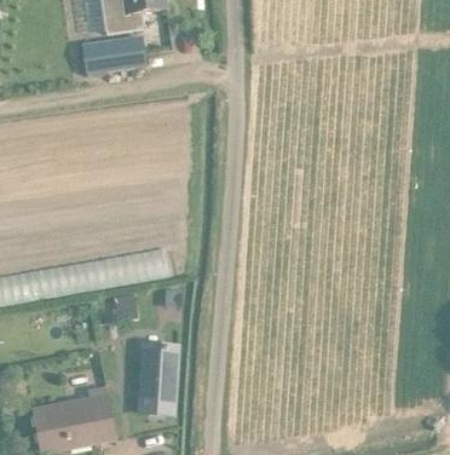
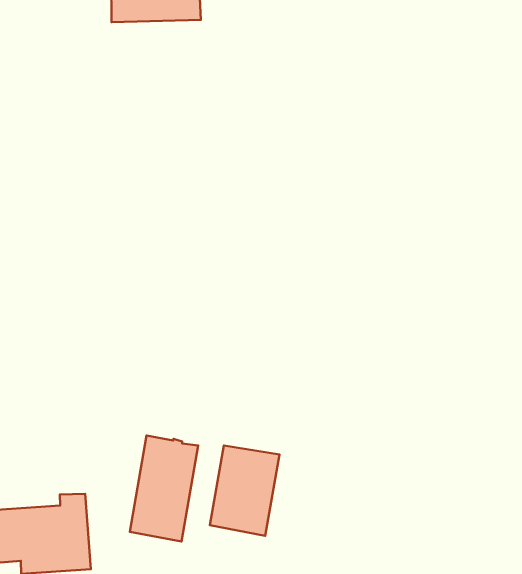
building: none -> [210,446,279,536]

